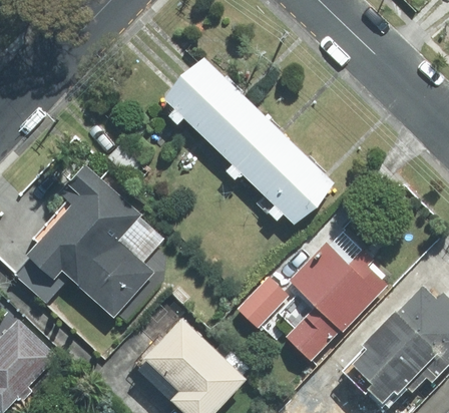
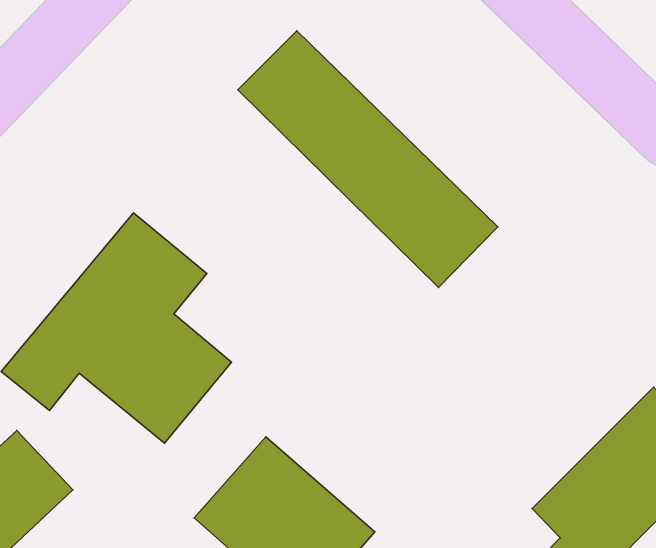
building: [224,230,381,356] -> none

